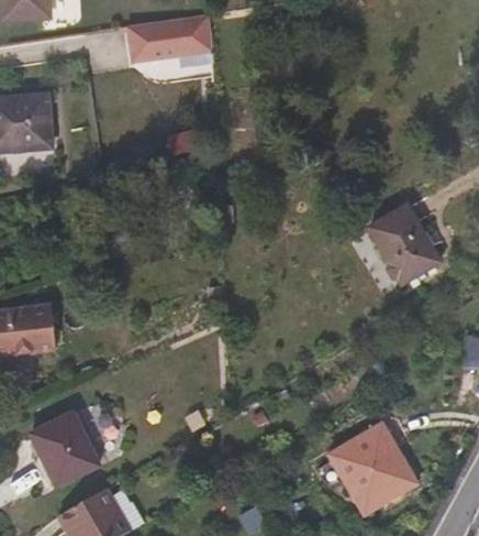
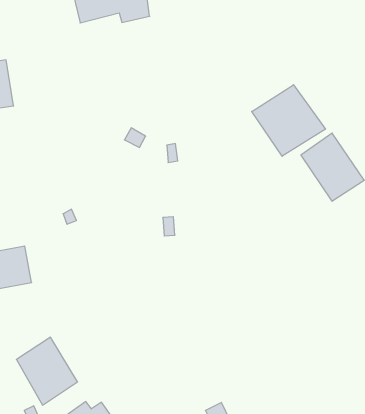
building: none -> [252,85,325,156]
building: [326,424,416,516] -> none

